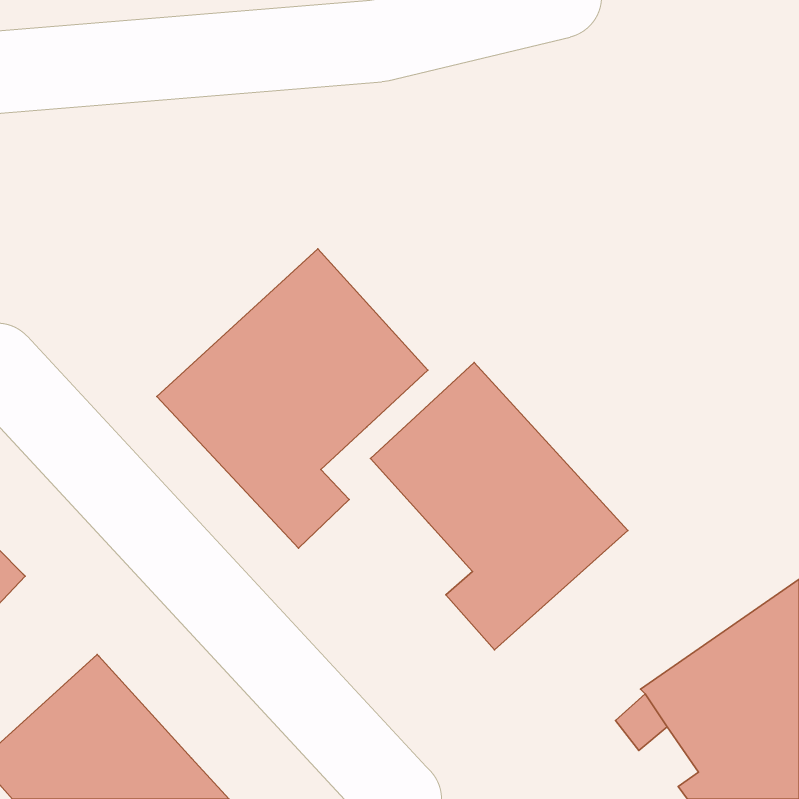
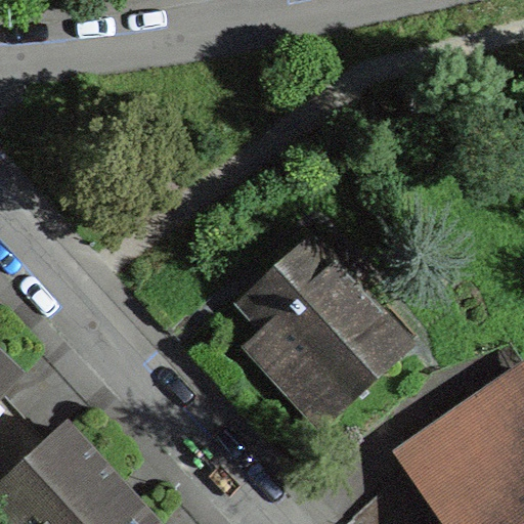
building: [157,249,428,548] -> none

